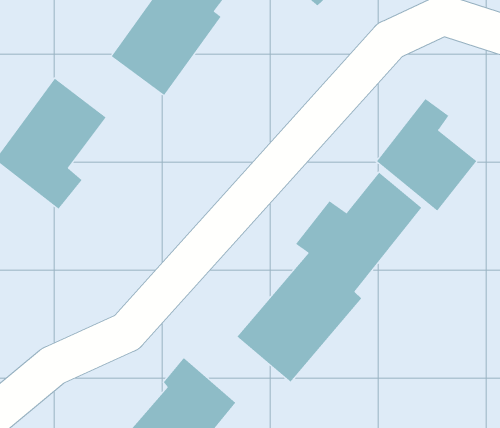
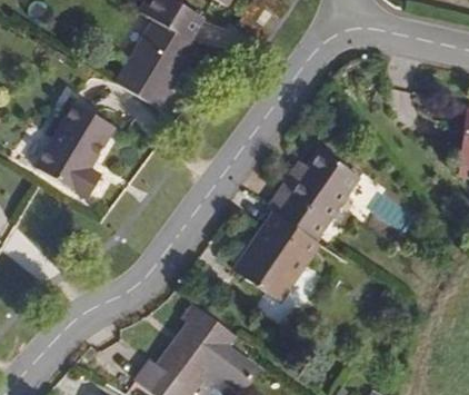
building: [376,98,477,211] -> none

